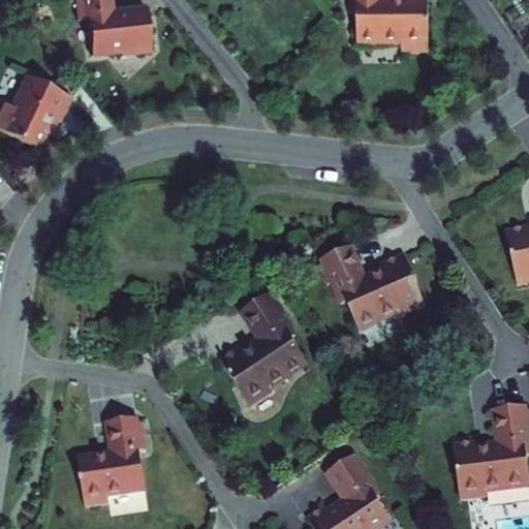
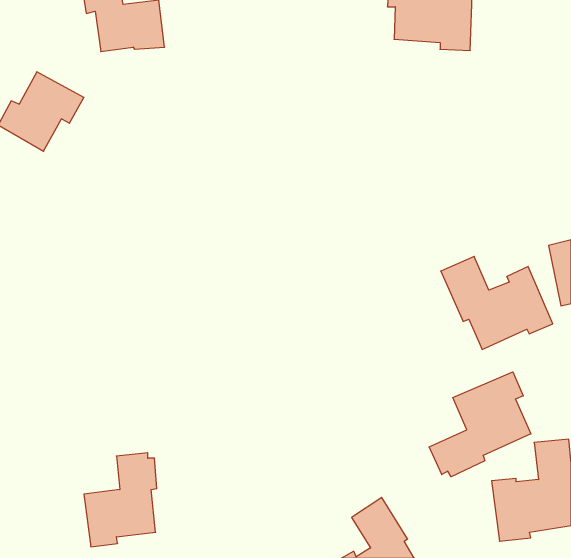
building: [319,247,423,333] -> [441,256,553,349]
building: [218,298,307,411] -> none
building: none -> [429,372,531,477]

